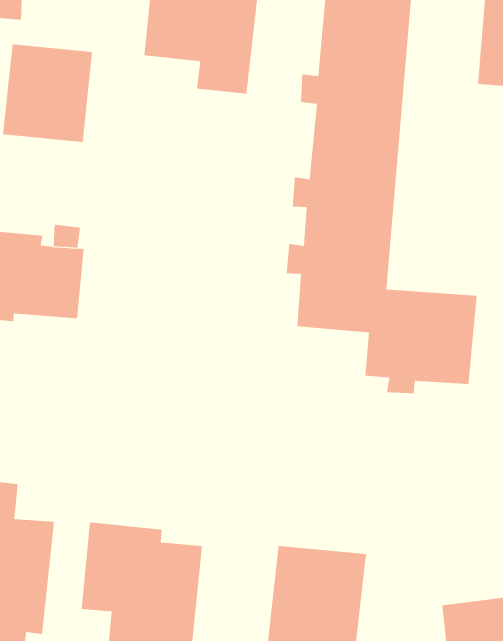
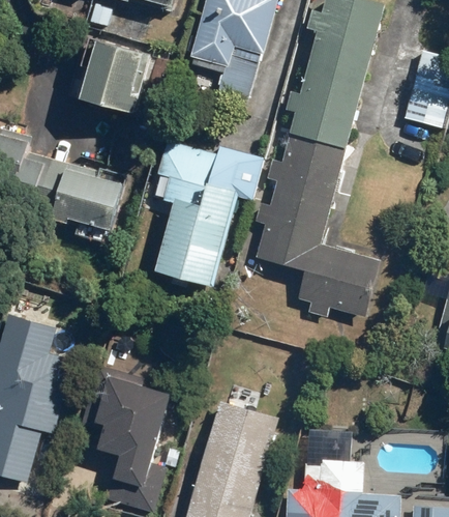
building: none -> [150,141,265,288]

